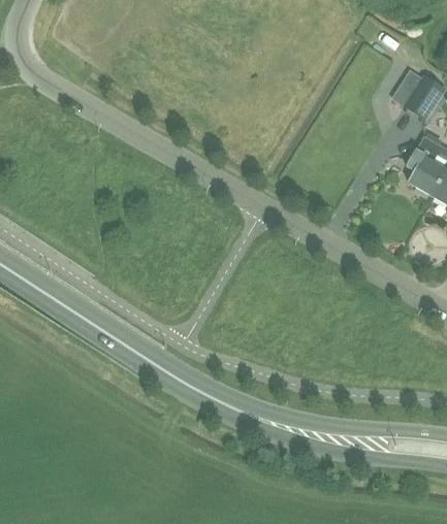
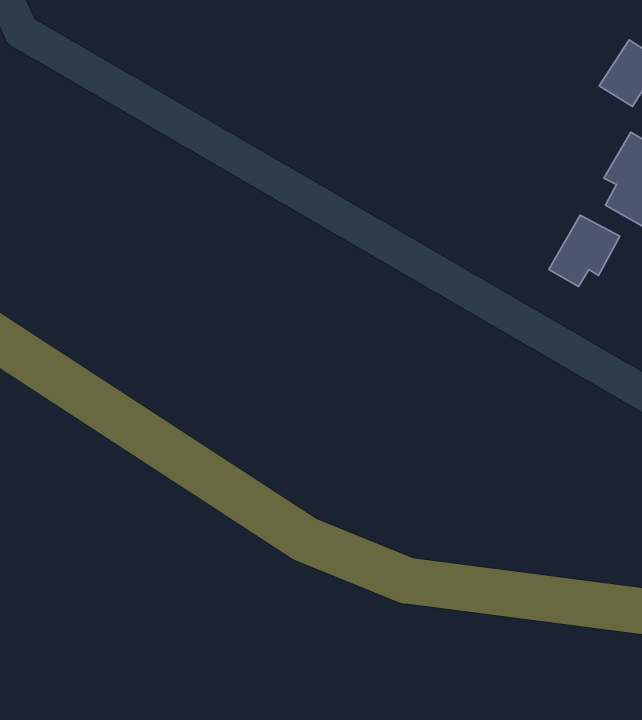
building: none -> [549,215,620,286]

